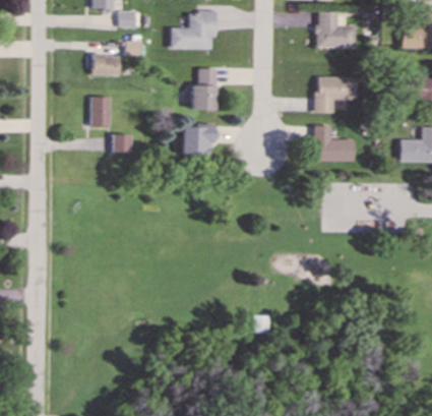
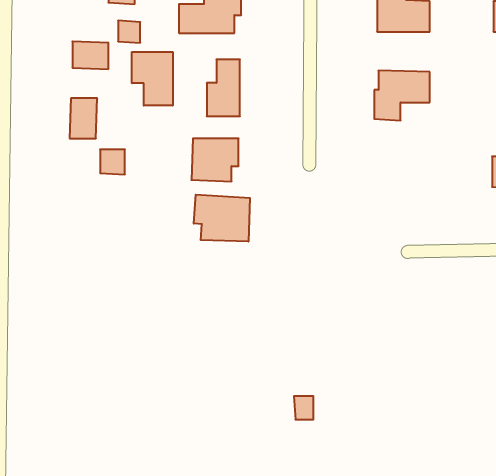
building: none -> [132,52,173,106]
building: [315,125,355,162] -> none
building: none -> [194,195,250,242]

